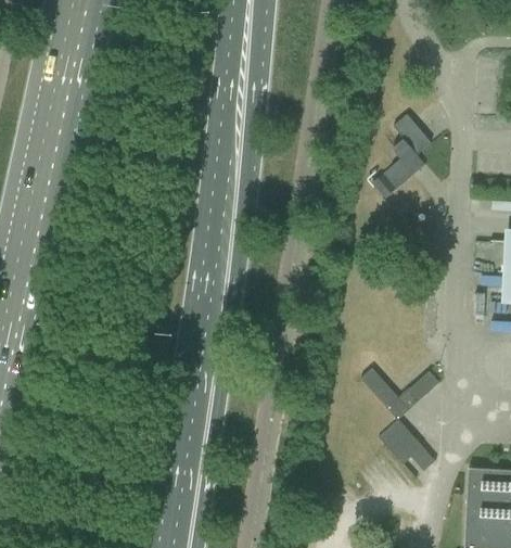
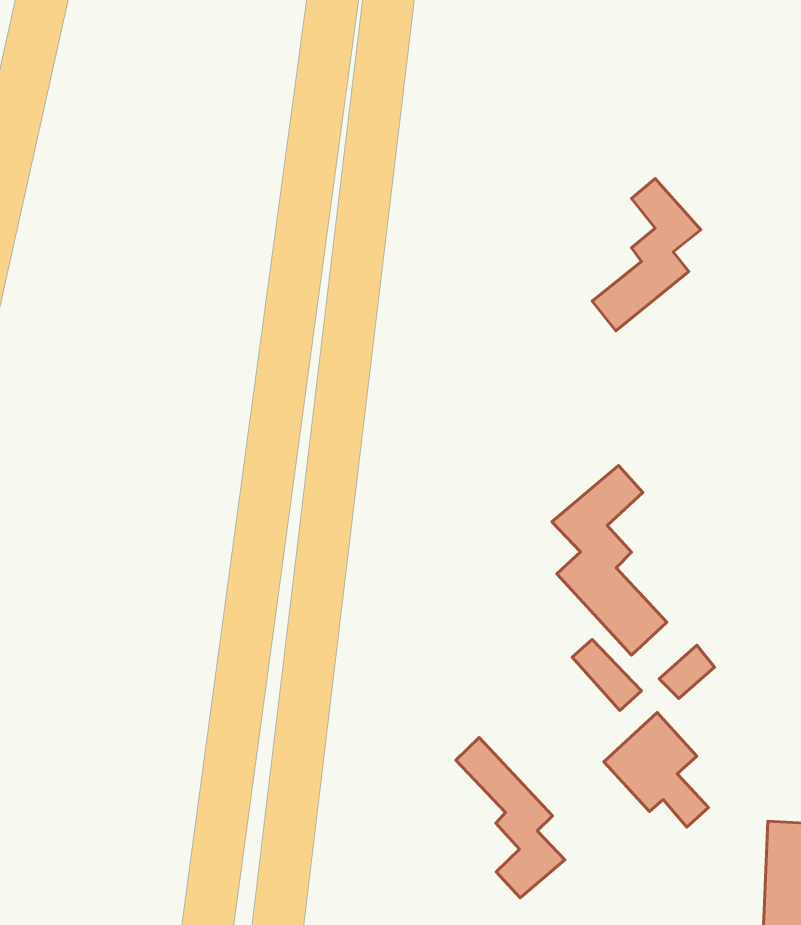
building: none -> [552,465,667,655]
building: none -> [456,738,565,898]

